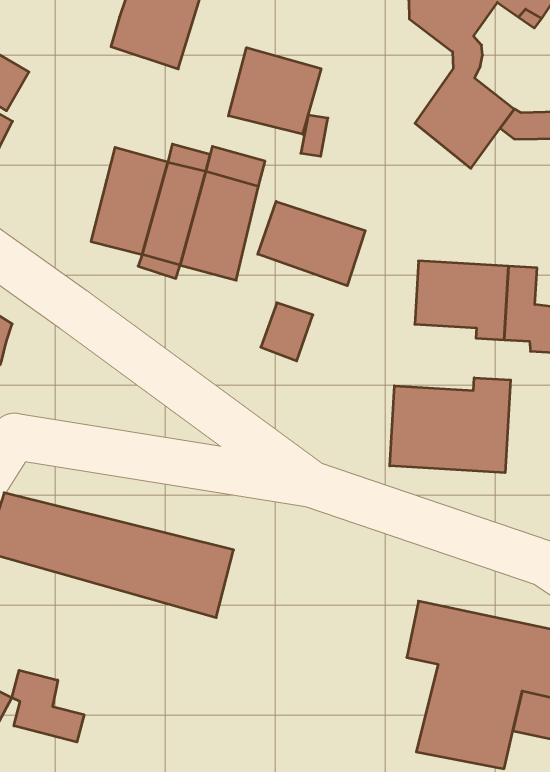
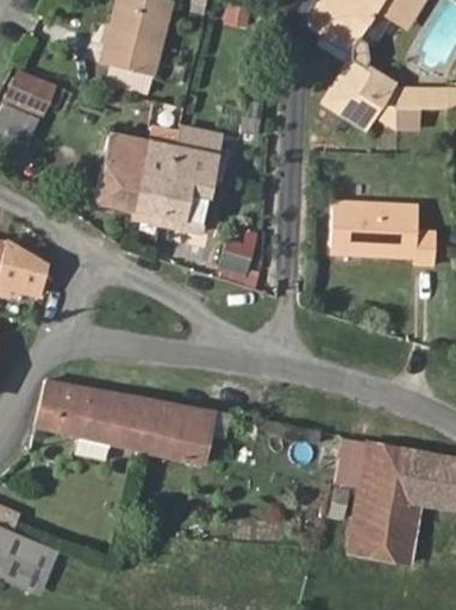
building: [228,48,321,134] -> none
building: [258,201,365,286] -> none
building: [390,378,511,473] -> none
building: [12,670,84,742] -> none

